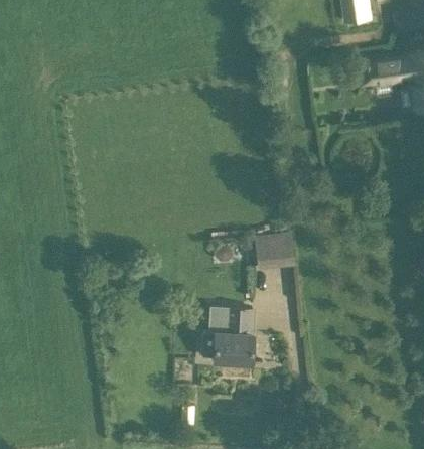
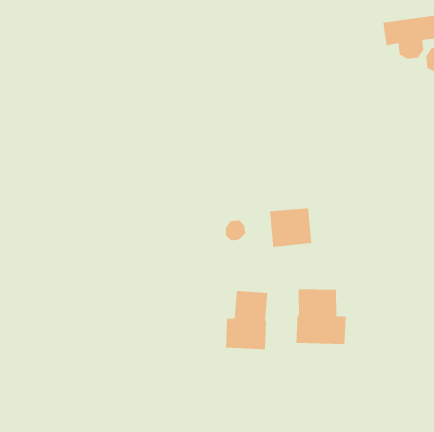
building: none -> [296,288,346,345]

